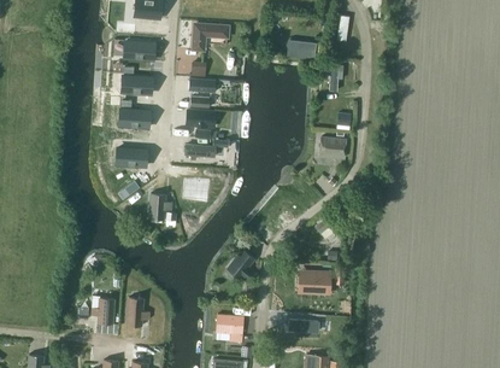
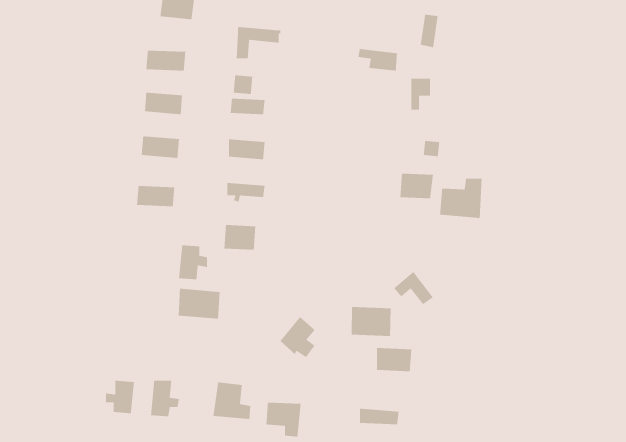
building: none -> [439,178,482,219]
building: none -> [178,288,220,320]
building: none -> [351,306,391,337]
building: none -> [213,382,251,420]

